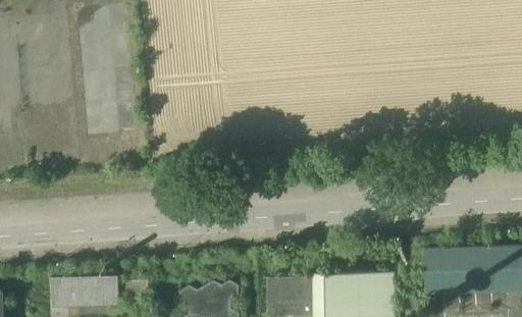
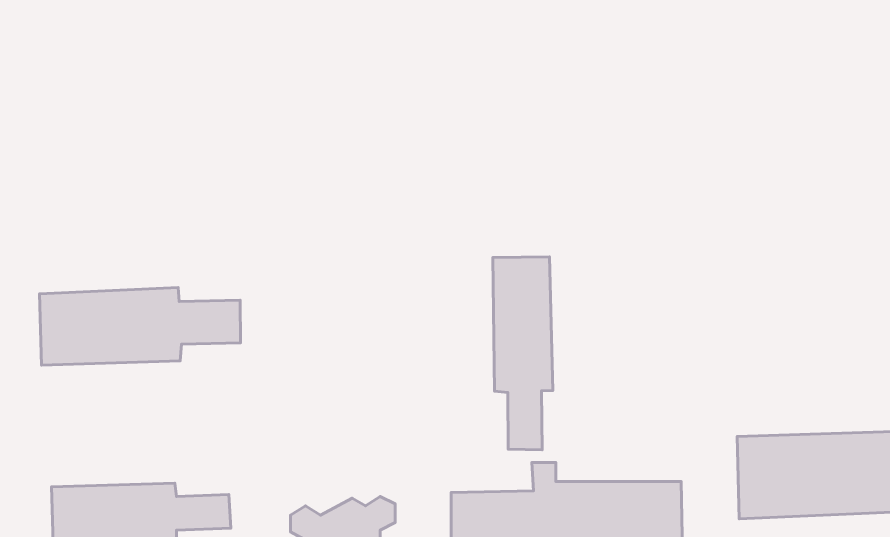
building: none -> [493,257,553,450]
building: none -> [40,287,240,365]

